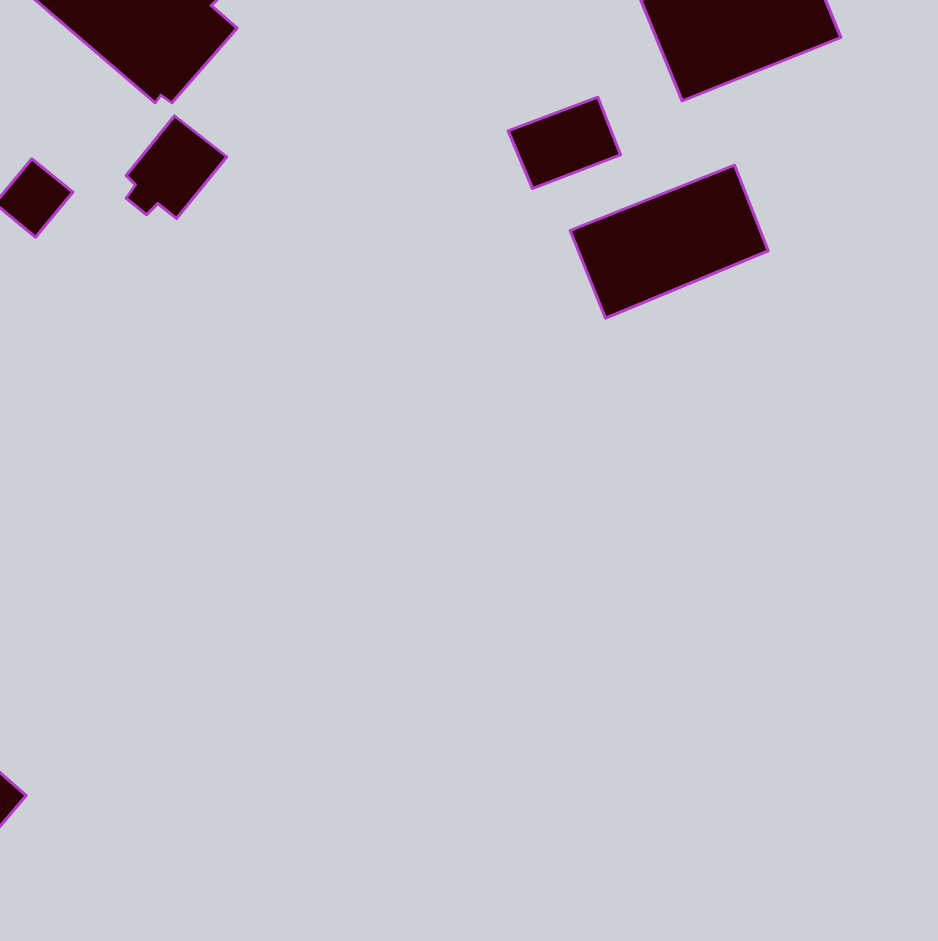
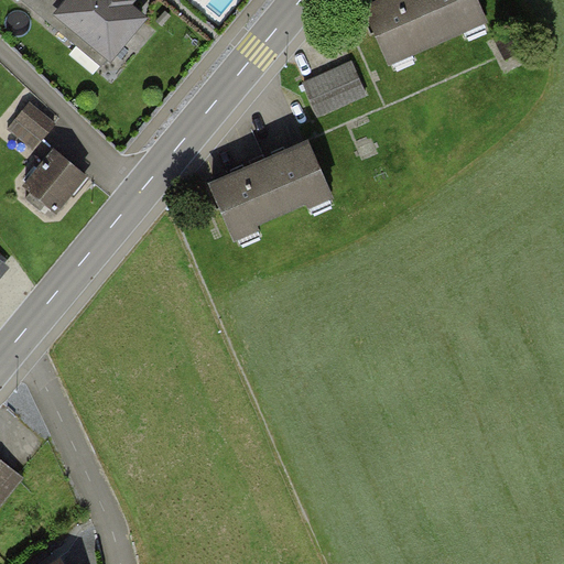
building: [126,116,227,219] -> [17,143,76,204]
building: [570,165,768,318] -> [221,142,338,232]

